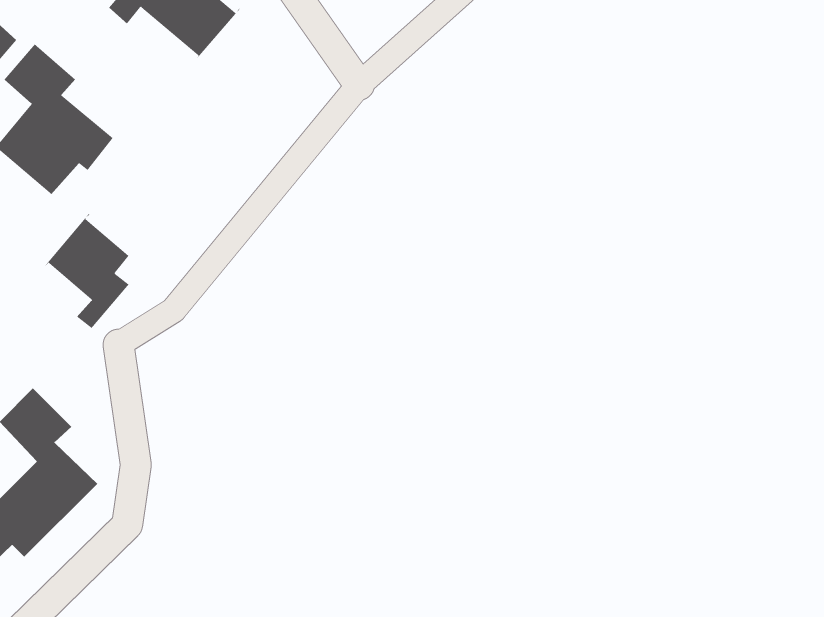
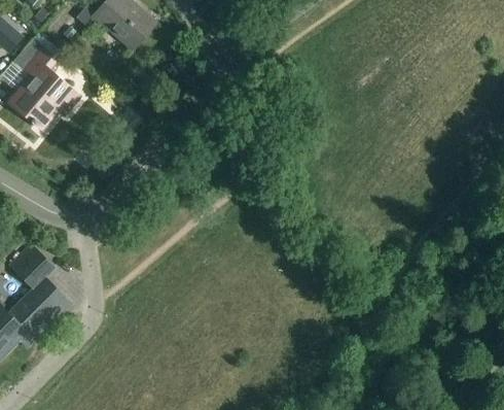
building: [44,213,133,329] -> none

